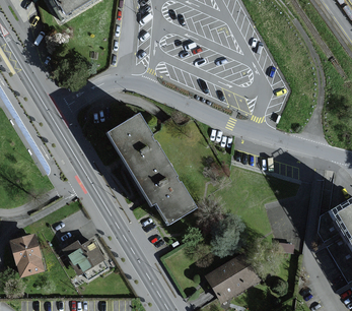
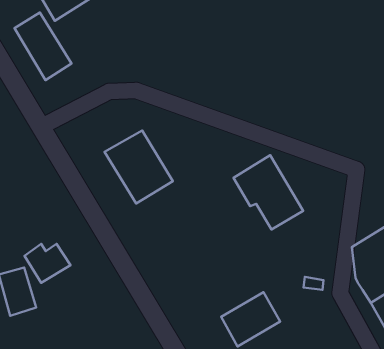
building: none -> [15,12,71,80]
building: [132,161,192,225] -> [234,155,303,230]
building: [66,240,105,273] -> [25,244,71,283]

